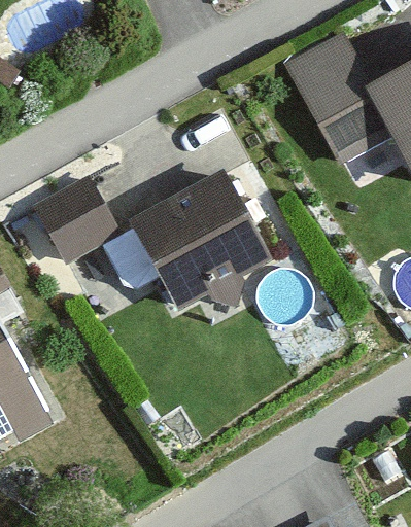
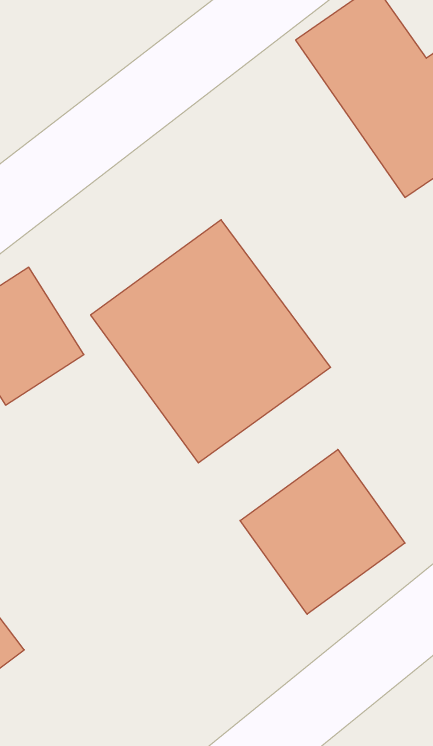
building: none -> [240,449,405,614]

